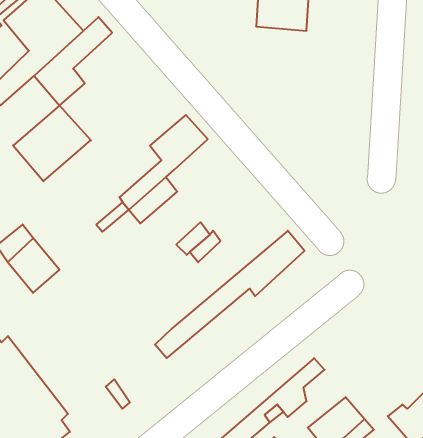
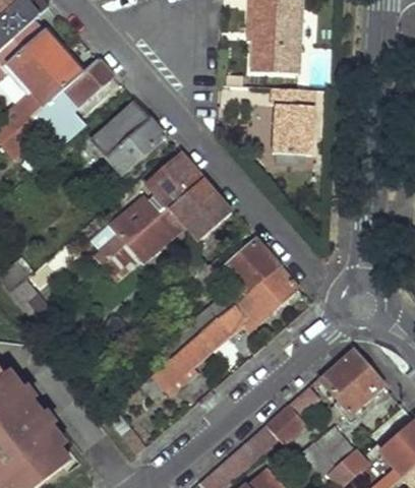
building: none -> [273,86,314,157]
building: [13,105,91,181] -> [92,103,167,176]
building: none -> [171,178,233,242]
building: none -> [161,239,281,361]
building: none -> [317,349,386,415]

